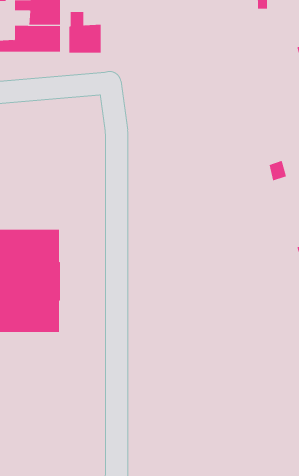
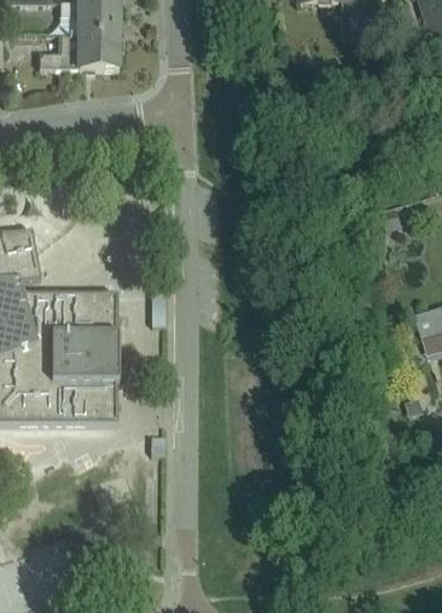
building: [69,11,101,53] -> none

